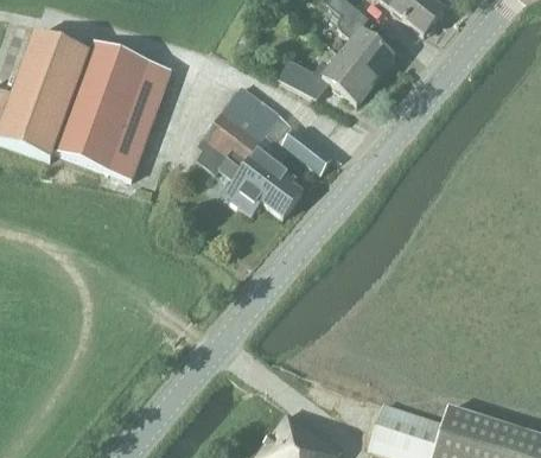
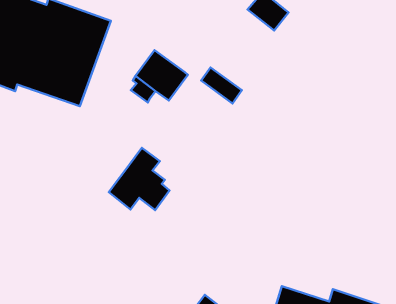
building: [280,57,376,107] -> none
building: [227,85,281,135] -> none
building: [227,139,303,217] -> [109,148,169,210]

